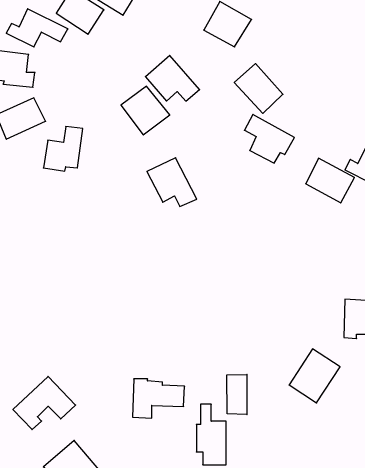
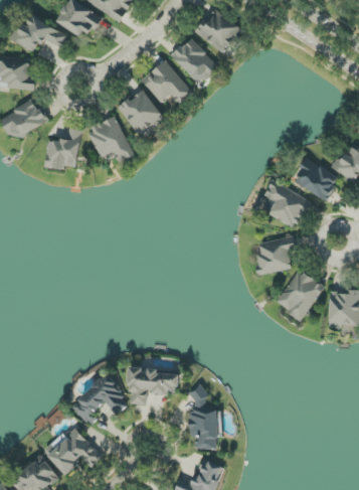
building: [234,64,283,113] -> [171,37,217,85]
building: [244,114,294,163] -> [263,180,311,226]
building: [147,158,197,206] -> [86,116,134,162]
building: none -> [254,236,296,275]
building: [289,349,340,403] -> [276,269,324,320]
building: [227,374,247,415] -> none
building: [13,376,76,430] -> [71,375,131,426]

